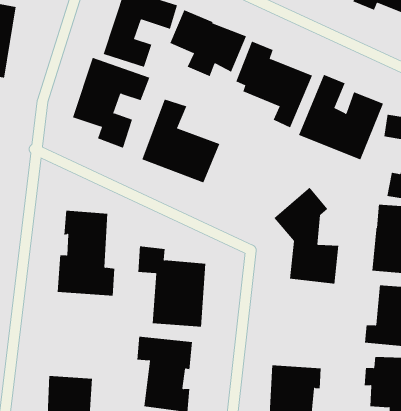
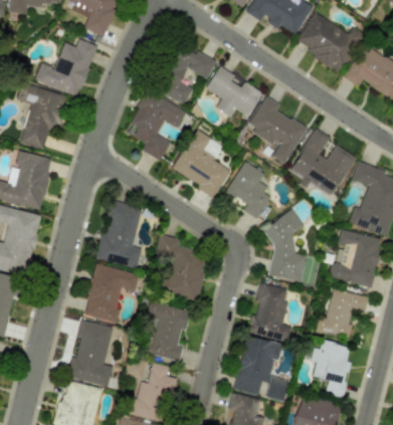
building: none -> [225,161,270,219]
building: none -> [247,283,291,342]
building: none -> [83,264,139,323]

